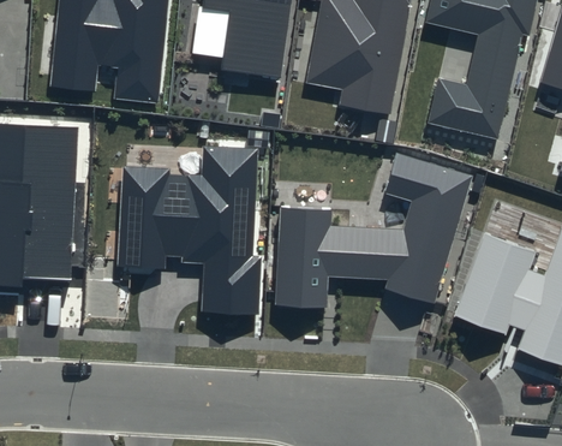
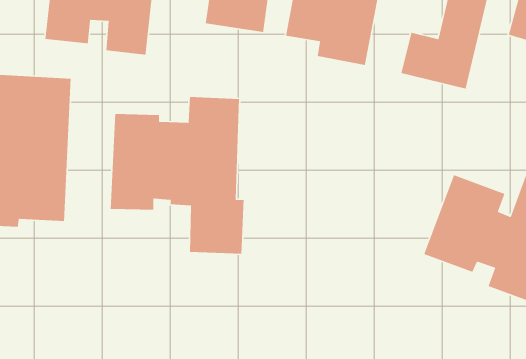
building: [275,151,472,308] -> none

